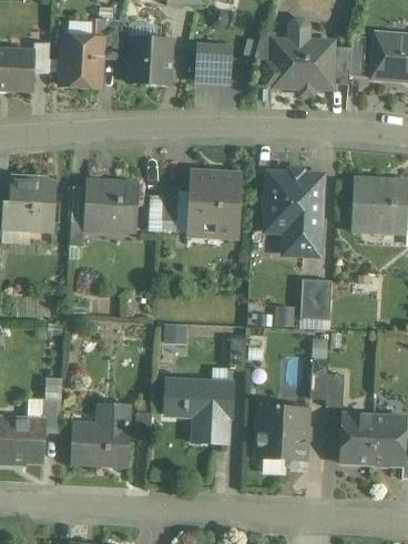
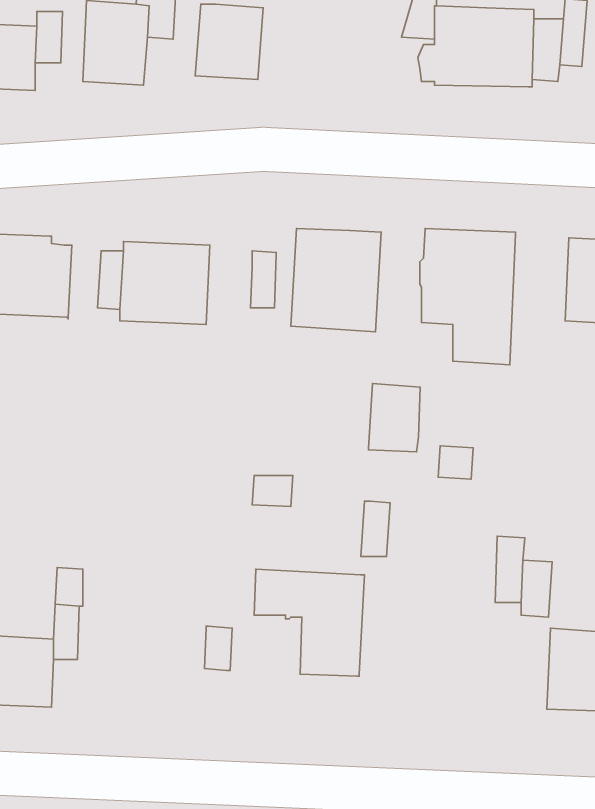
building: [196,45,232,81] -> none
building: [300,279,332,320] -> [369,384,420,452]
building: [71,403,131,466] -> none
building: [257,406,308,469] -> none

